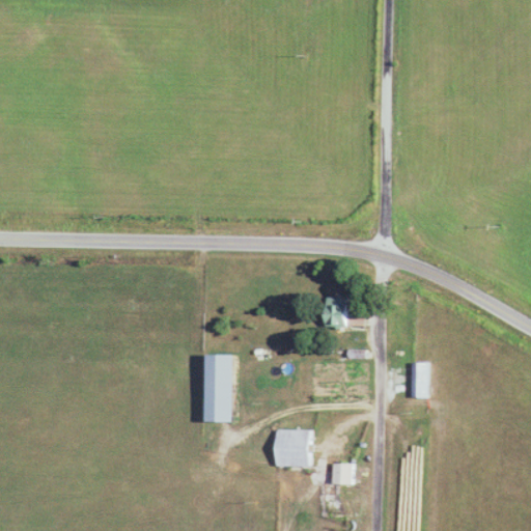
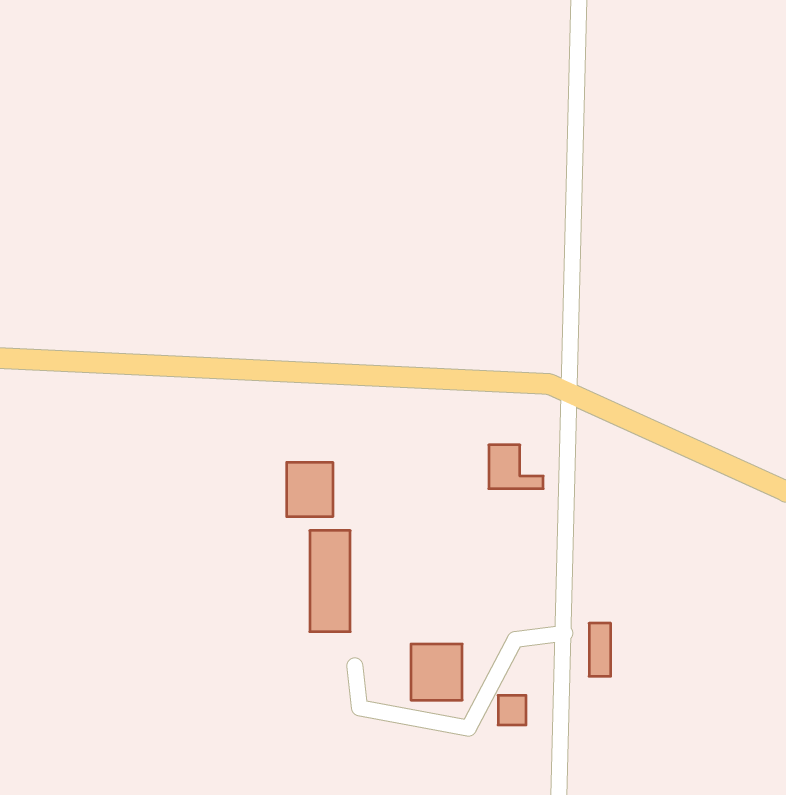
building: none -> [287,462,333,517]
building: [410,362,424,397] -> [589,623,611,676]

